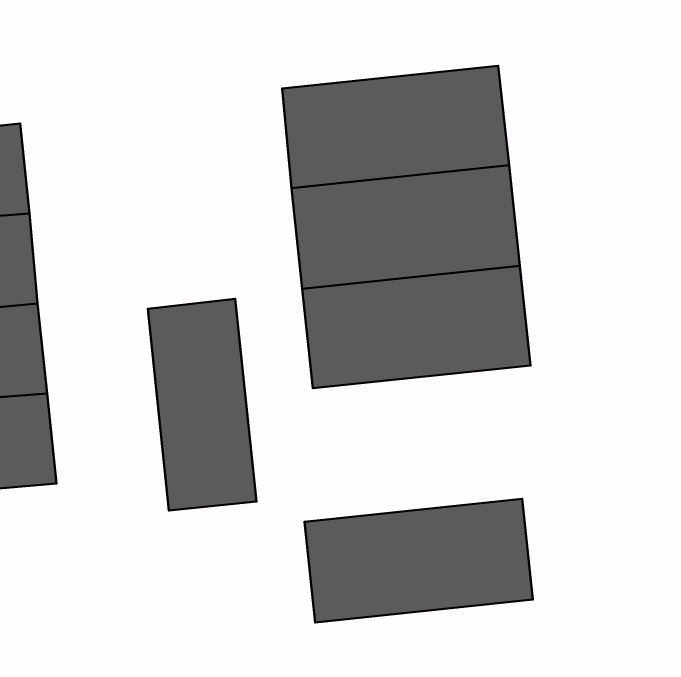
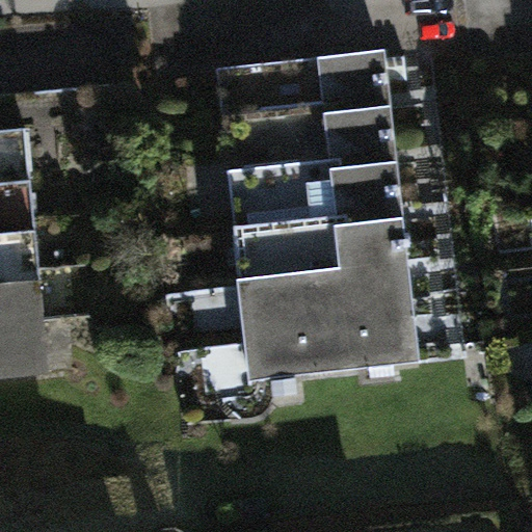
building: [148,299,256,510] -> none
building: [305,499,533,622] -> [242,283,419,378]

